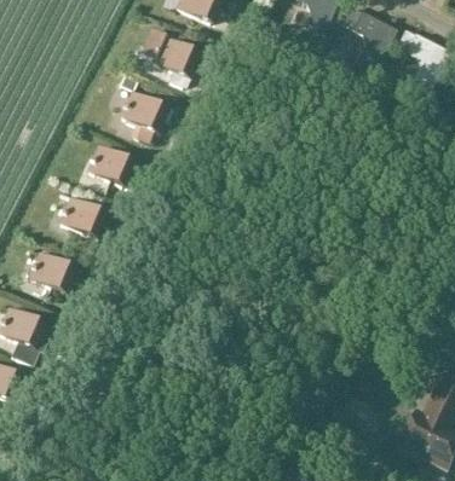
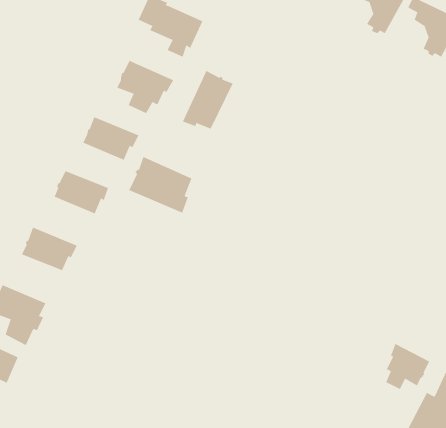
building: none -> [182,70,233,130]
building: none -> [128,156,192,214]
building: none -> [385,343,430,390]

